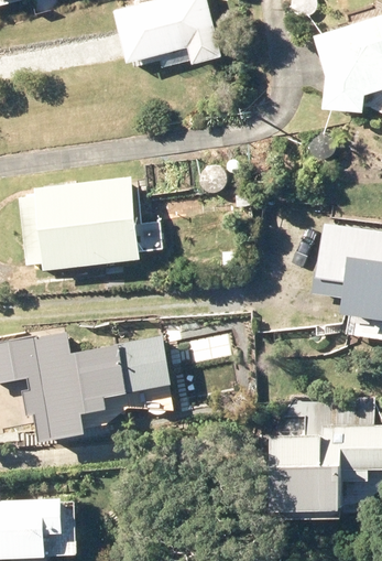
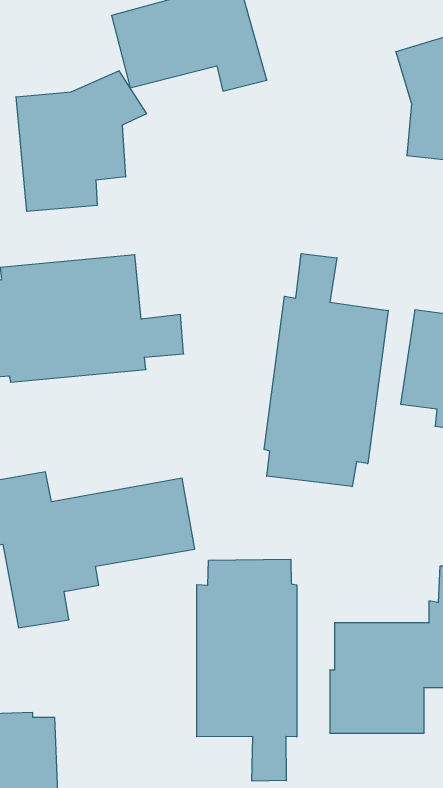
building: none -> [16,71,146,211]
building: none -> [264,254,388,487]
building: none -> [197,559,297,781]

